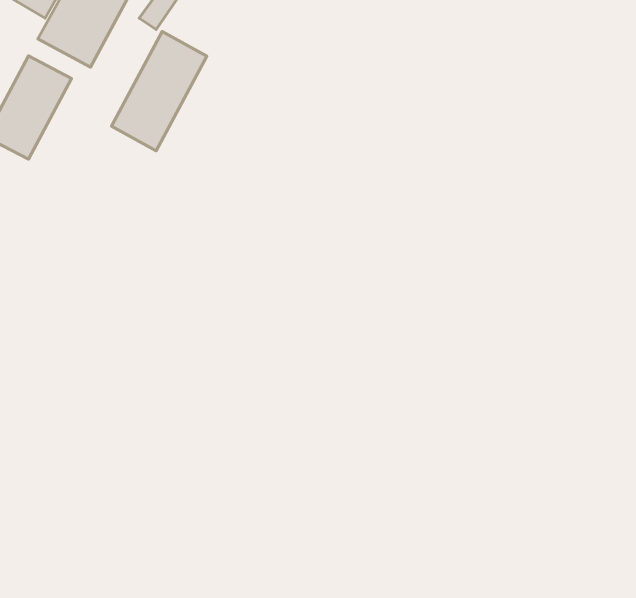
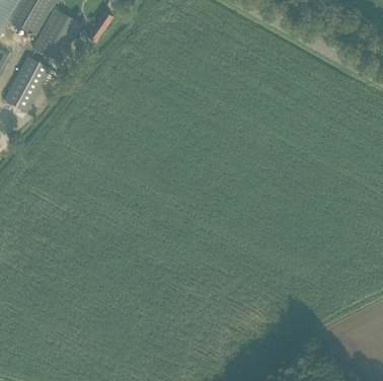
building: [111,32,207,151] -> none

